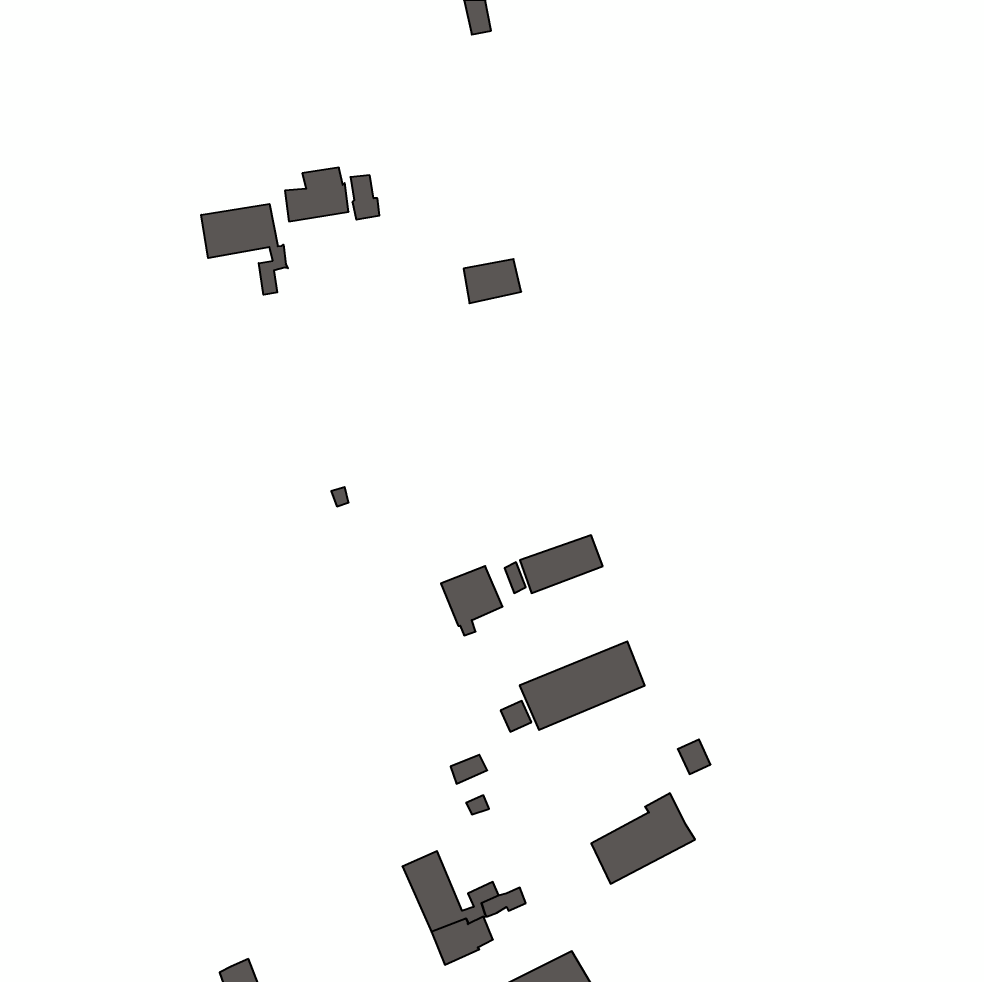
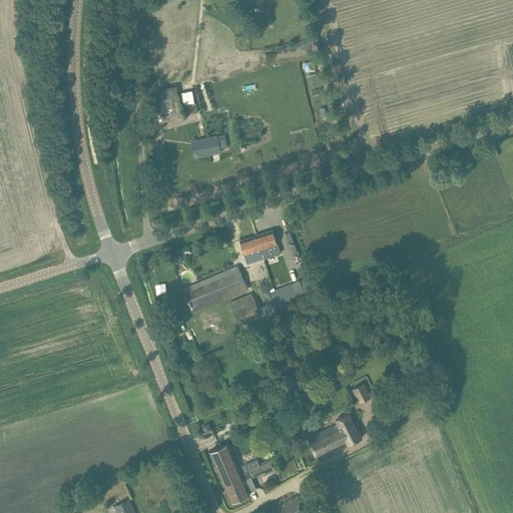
building: [201,204,288,295] -> none
building: [464,259,521,303] -> [191,136,221,159]
building: none -> [239,230,279,265]
building: [520,641,645,730] -> [182,267,247,313]

